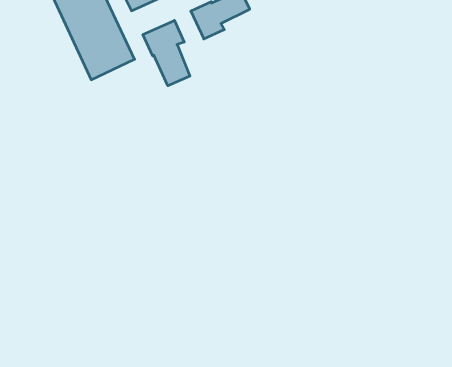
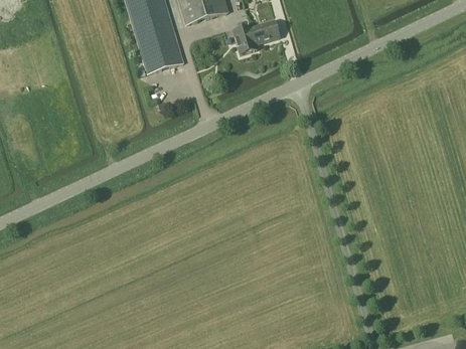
building: [143,20,190,86] -> none

